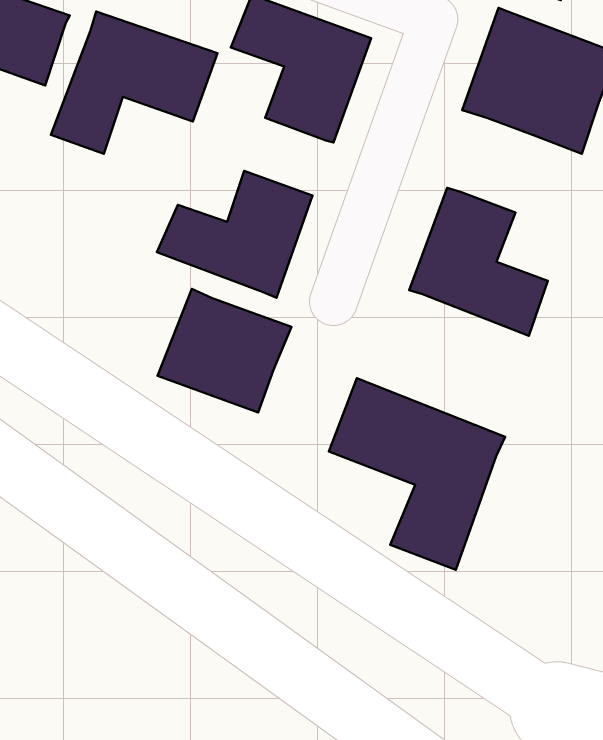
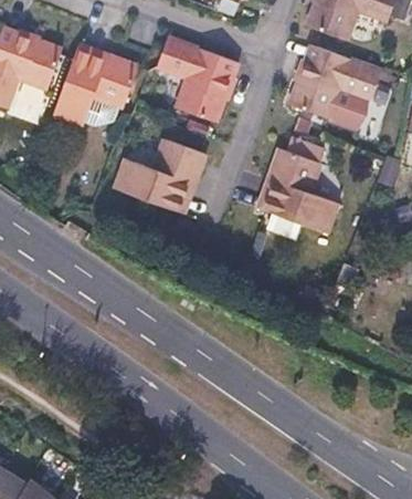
building: [158,289,291,413] -> none
building: [329,378,505,570] -> none

